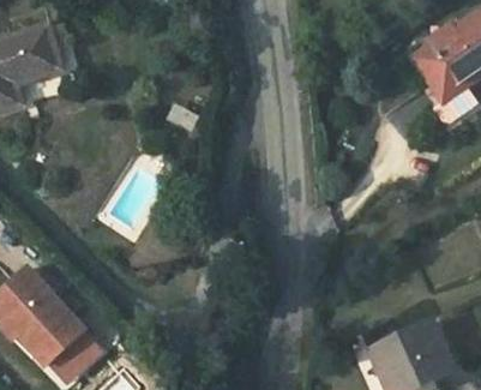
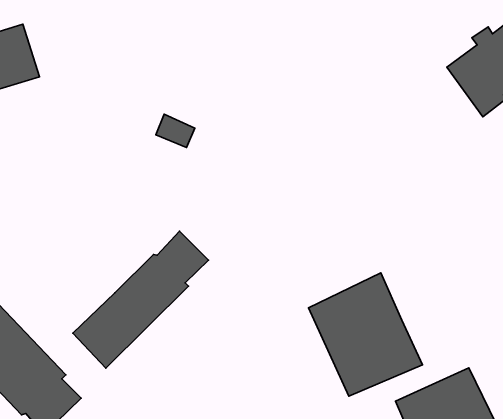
building: none -> [73,231,209,368]
building: none -> [308,273,423,396]

